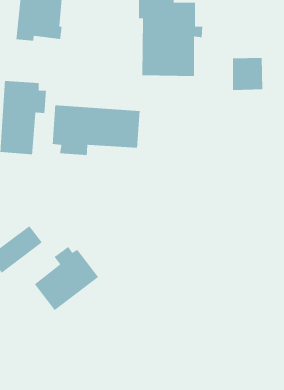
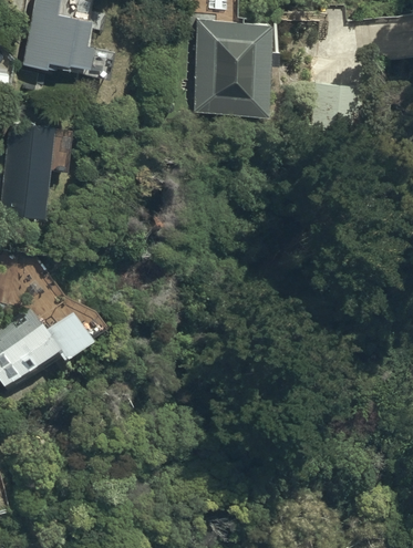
building: [52,104,140,156] -> none
building: [34,246,99,311] -> none

